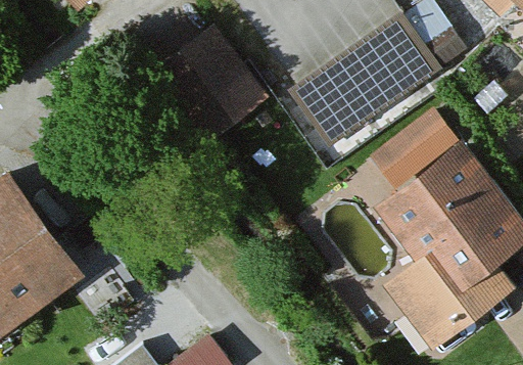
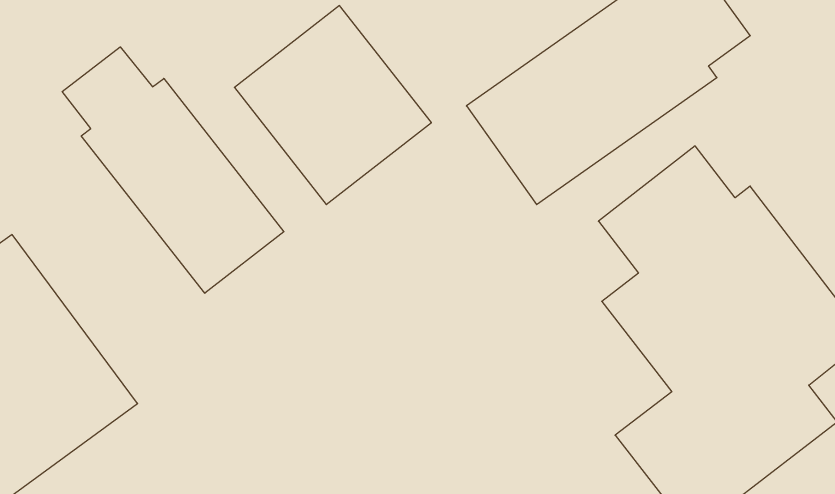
building: none -> [62,47,284,293]

